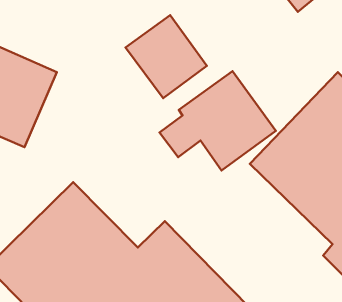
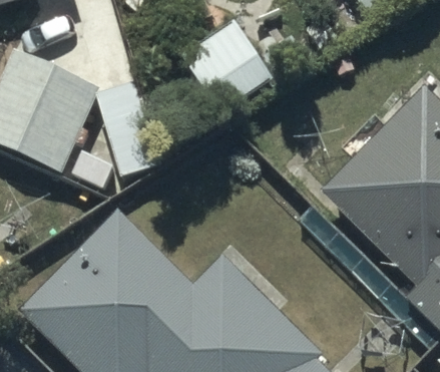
building: [160,71,276,170] -> none

